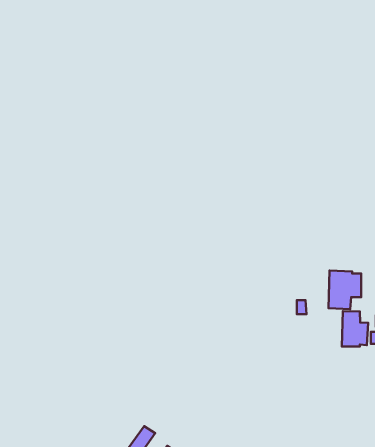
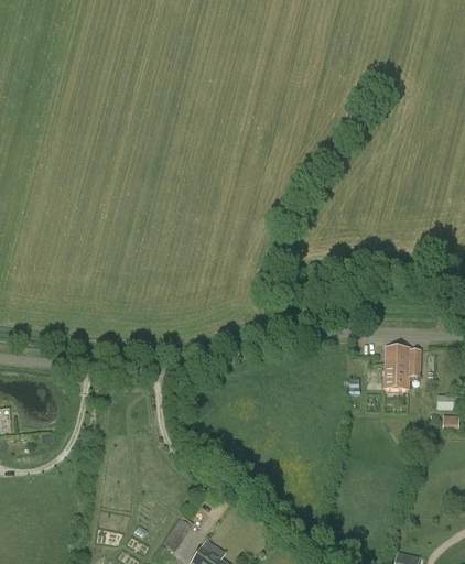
building: [342,311,368,346] -> none

